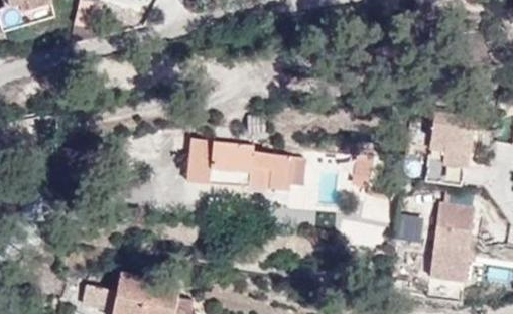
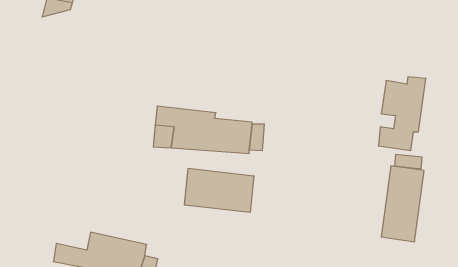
building: none -> [184,168,254,212]

